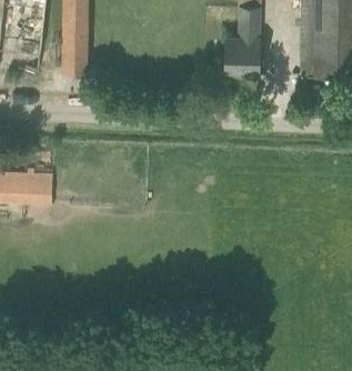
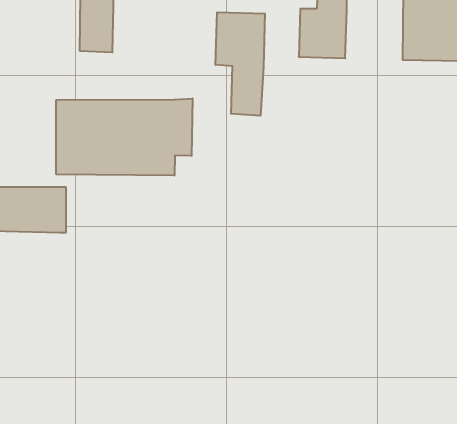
building: none -> [215,12,265,116]
building: none -> [56,98,193,176]

